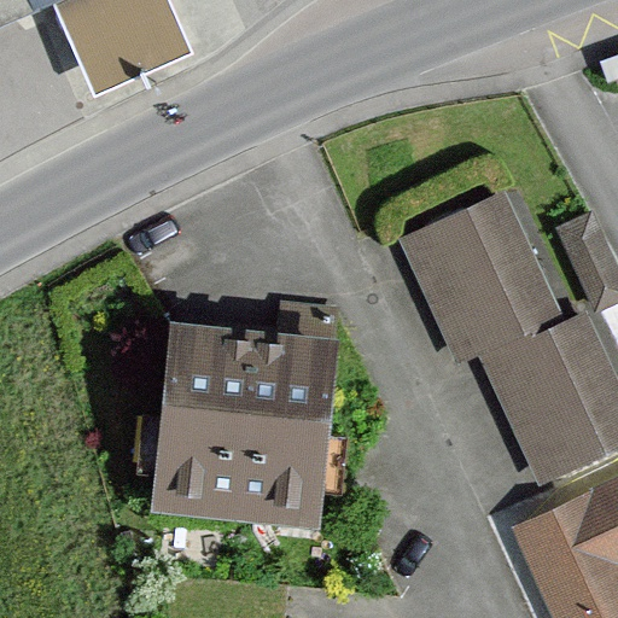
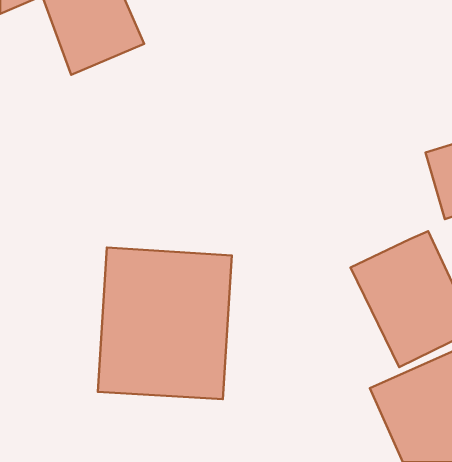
building: [395,190,561,365] -> none

